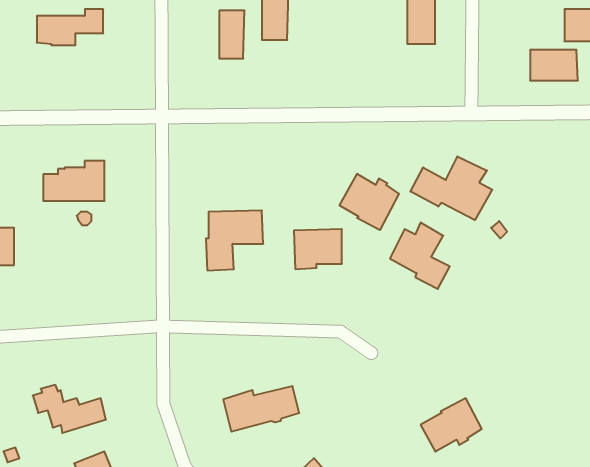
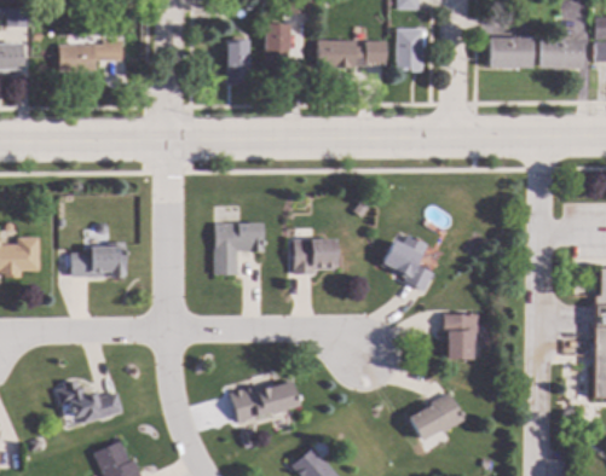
building: none -> [318,40,386,68]
building: [530,50,578,81] -> [489,39,532,66]
building: [410,156,492,220] -> none
building: [43,161,105,201] -> [71,240,127,277]
building: [340,174,399,230] -> none
building: none -> [444,313,478,358]

